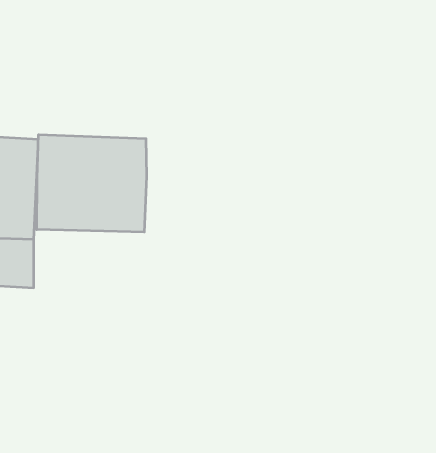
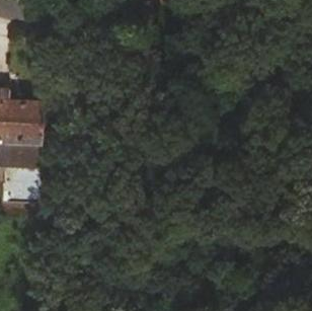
building: [37,135,147,232] -> none

